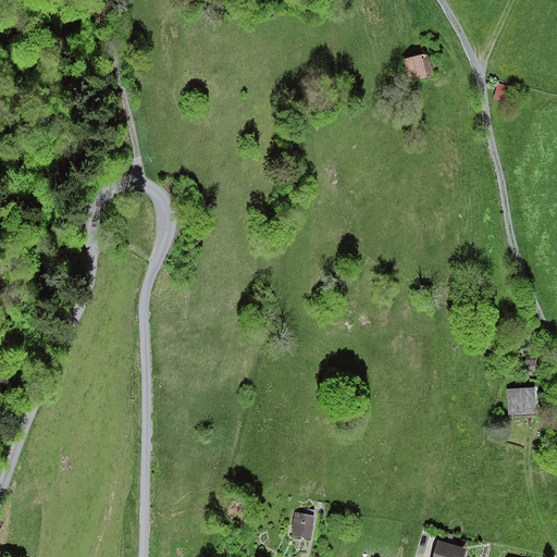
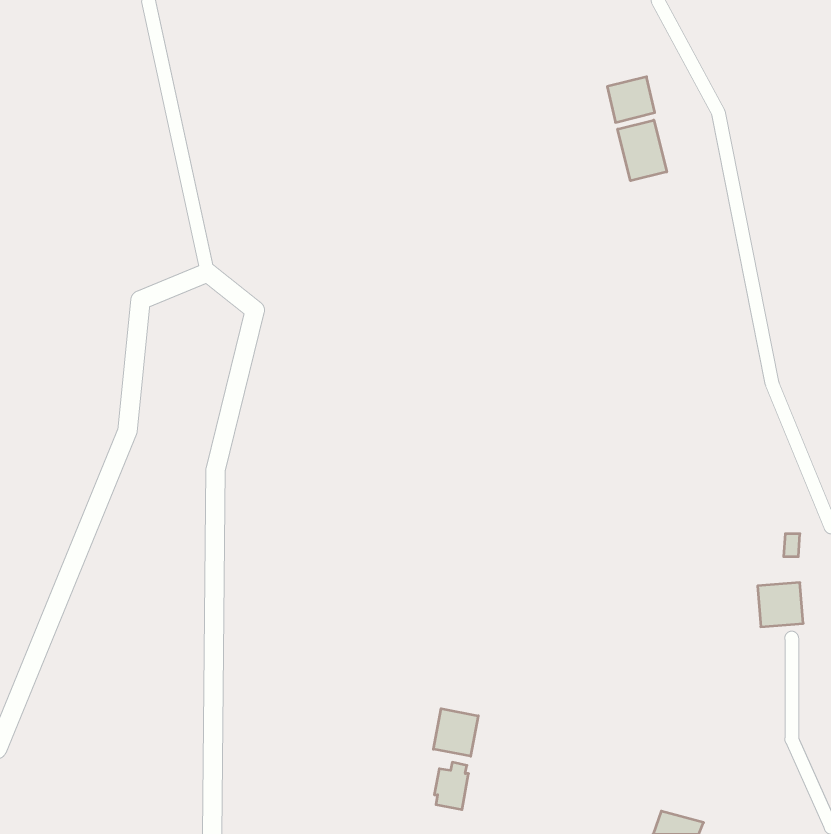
building: none -> [618,120,667,181]
building: none -> [433,709,478,756]

